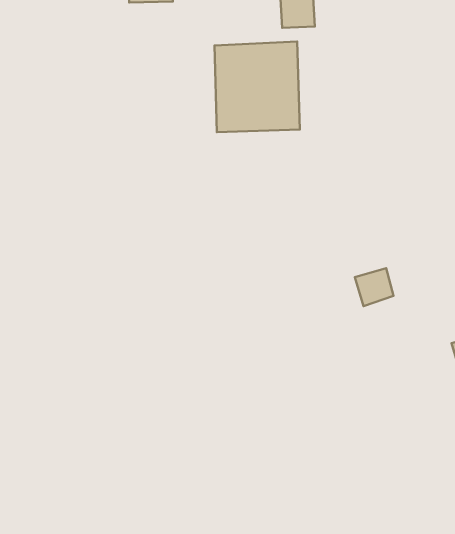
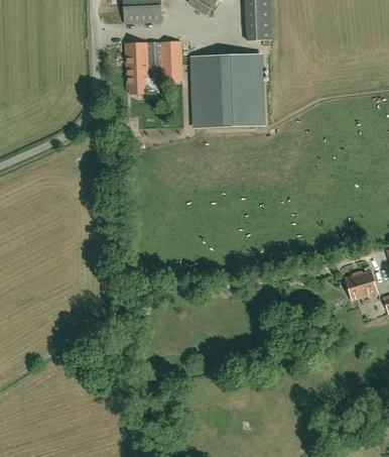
building: none -> [124,40,181,96]
building: [355,268,394,306] -> [345,269,376,300]

